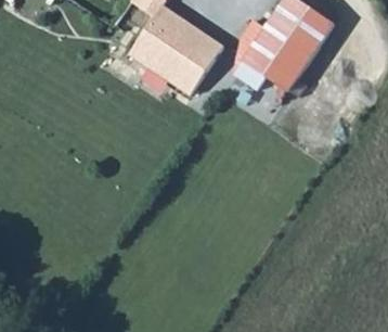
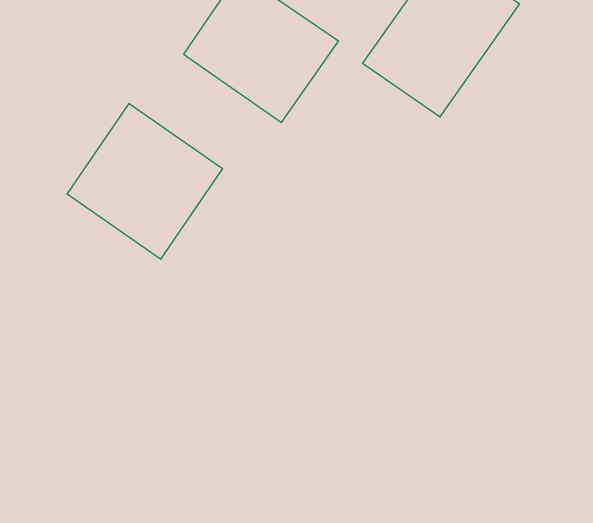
building: none -> [67,104,223,259]

